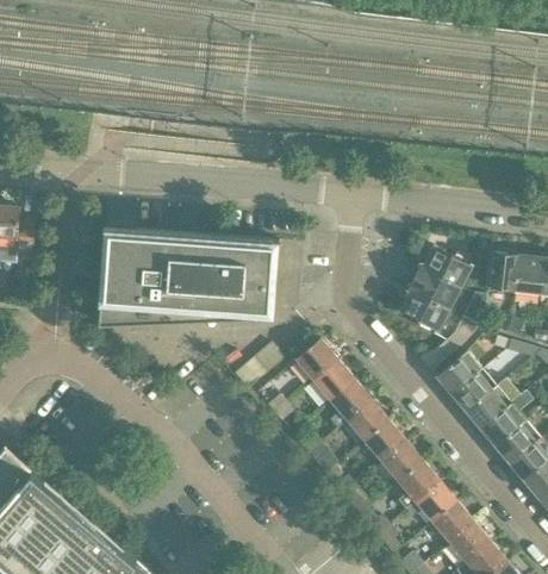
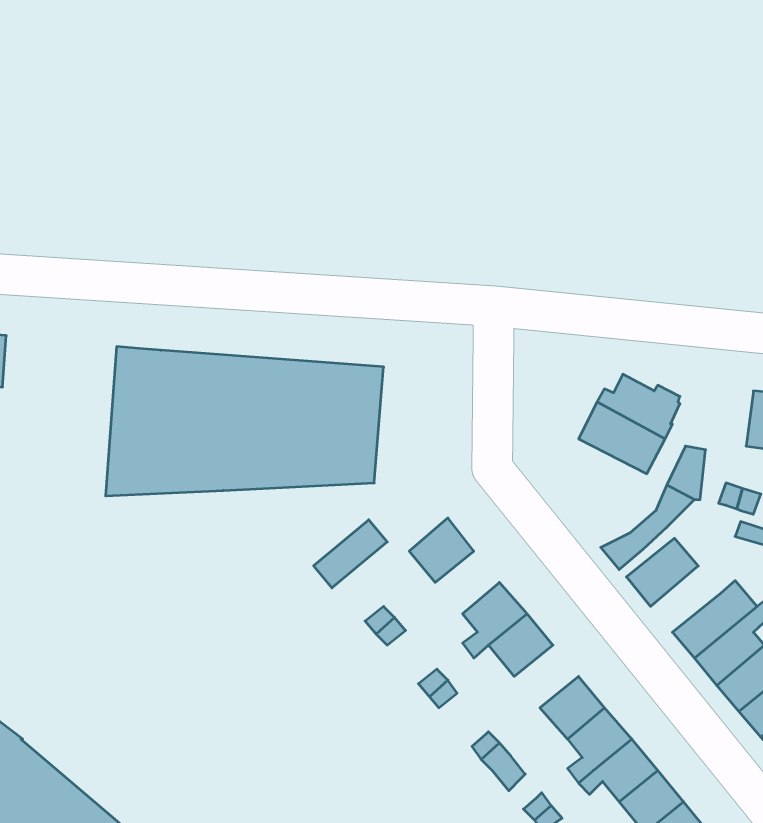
building: [487,254,518,293] -> none
building: [400,288,449,335] -> none
building: [312,361,354,401] -> none
building: [452,370,497,413] -> none
building: [363,422,405,462] -> none

